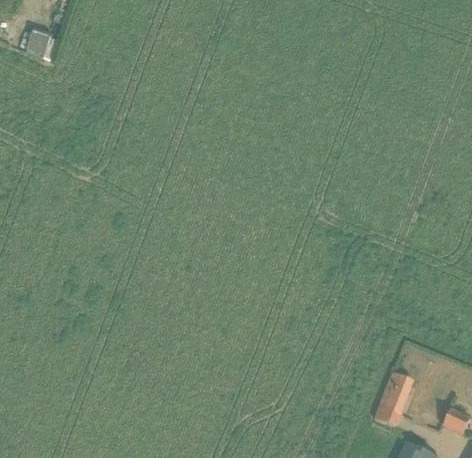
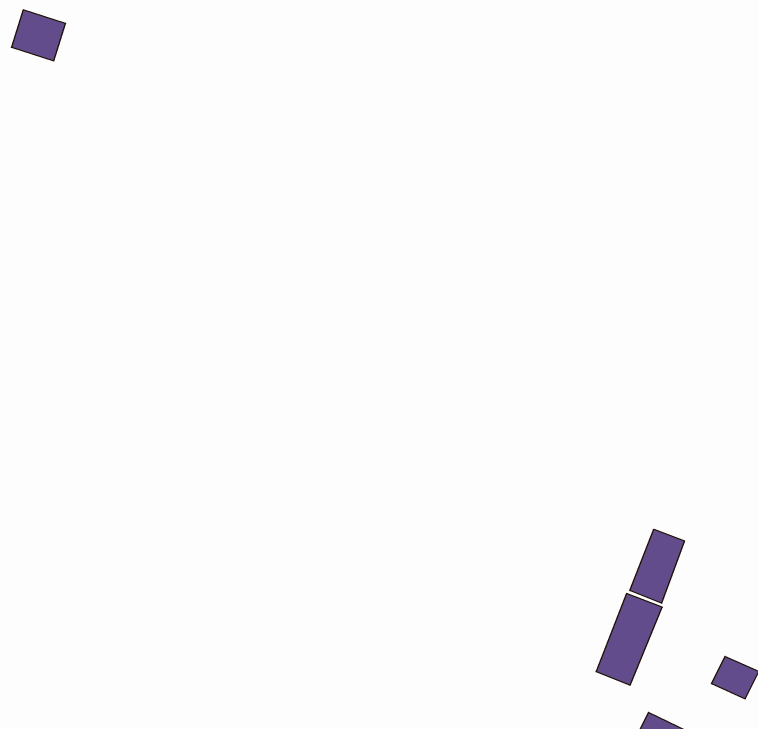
building: none -> [630,529,684,603]

